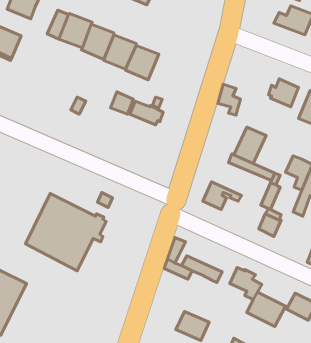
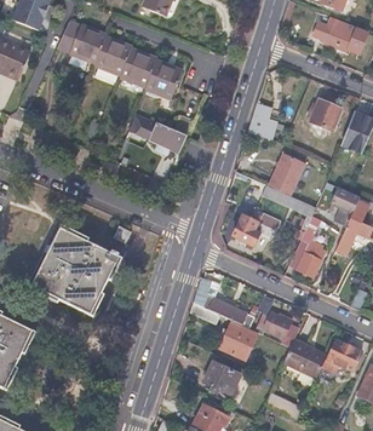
building: none -> [218,320,256,360]

